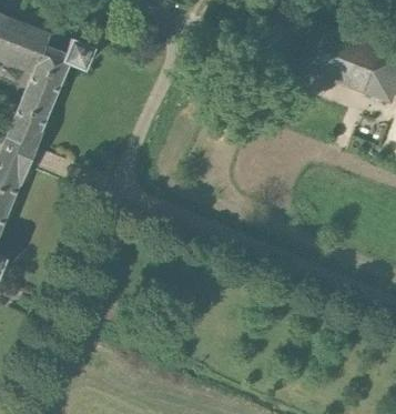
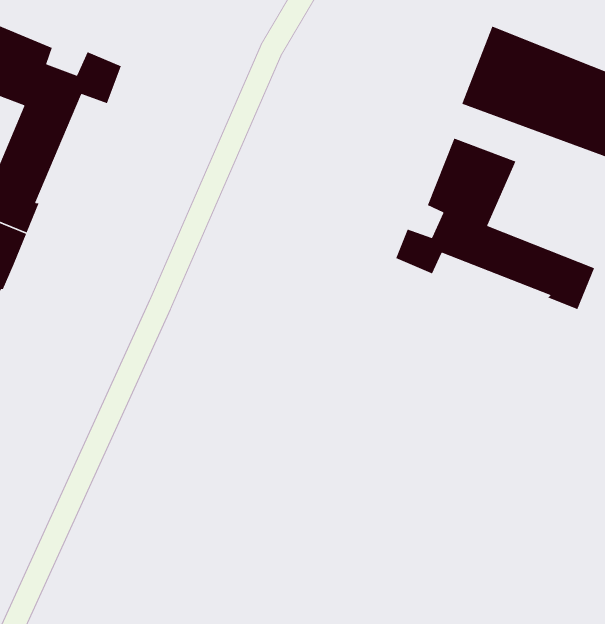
building: none -> [395,137,595,310]

